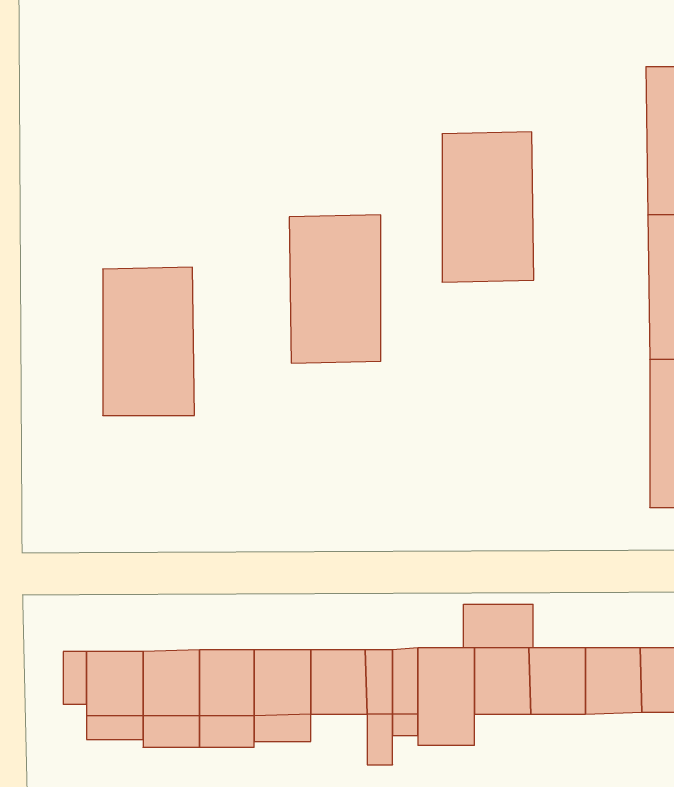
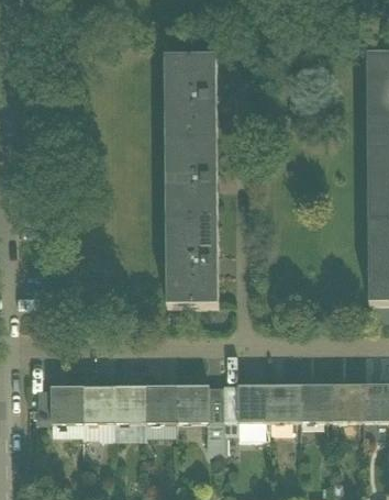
building: [442,132,534,282] -> [165,56,216,141]
building: [103,267,194,415] -> [166,222,218,305]
building: [464,604,533,648] -> none

